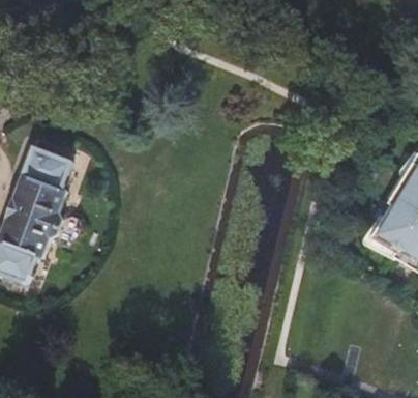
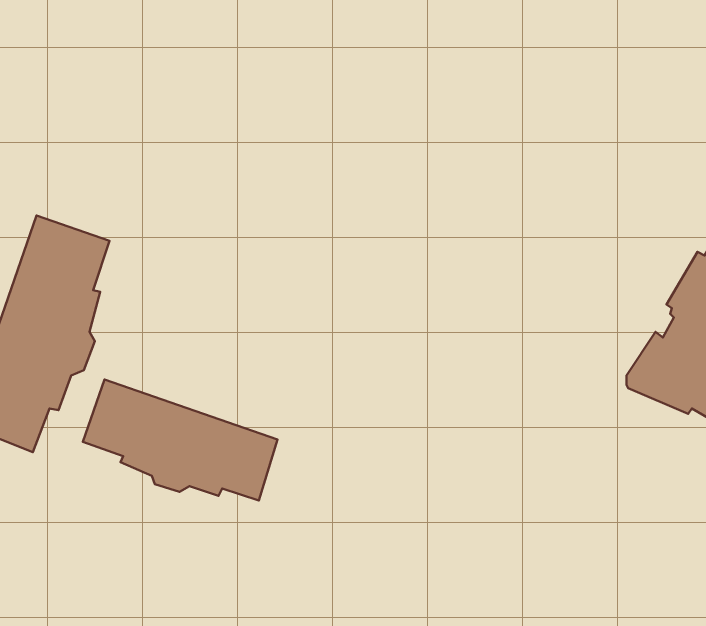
building: none -> [83,379,277,500]

